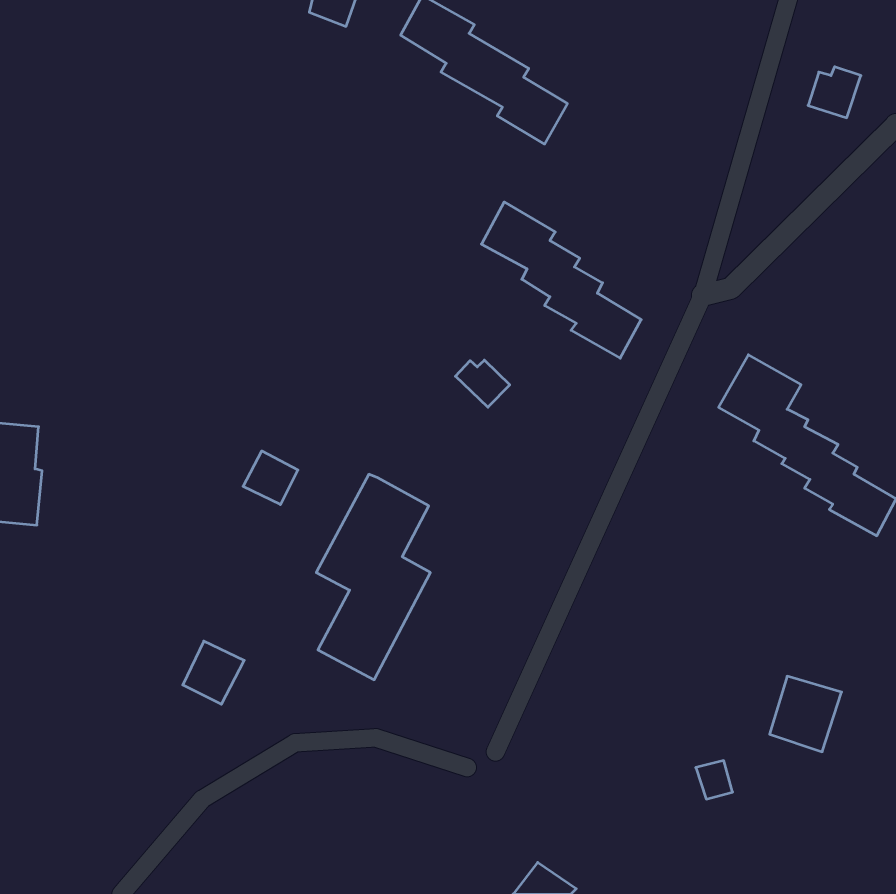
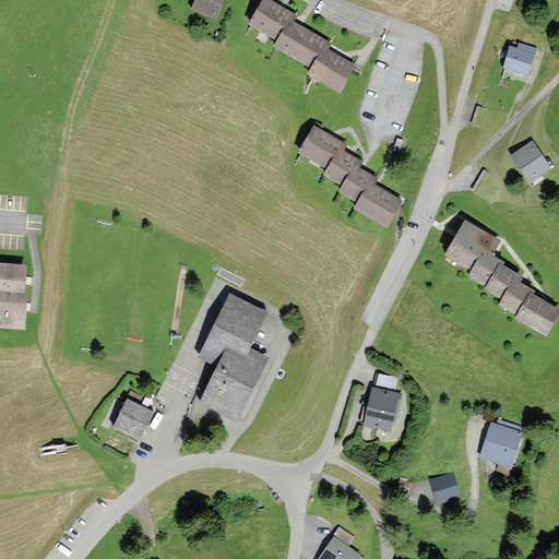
building: none -> [512,141,548,179]
building: [455,360,510,407] -> none
building: [243,451,298,505] -> none
building: none -> [362,384,401,431]

